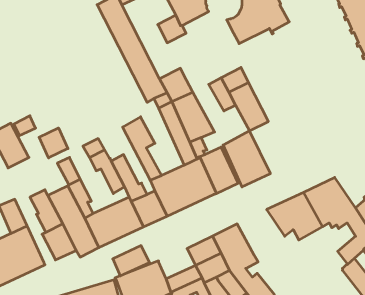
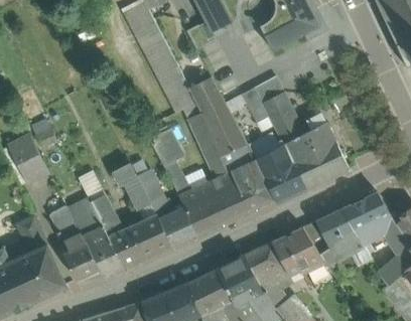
building: none -> [284,121,349,188]
building: [39,128,68,158] -> none
building: none -> [271,226,326,275]
building: [113,246,150,276] -> [187,268,227,300]

